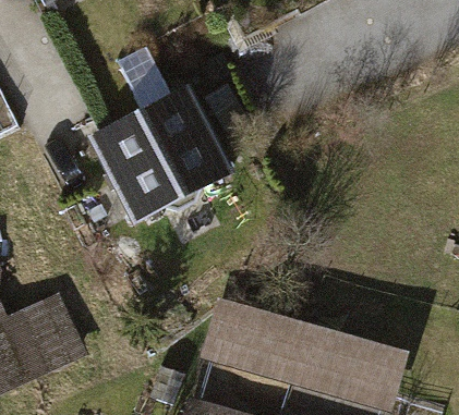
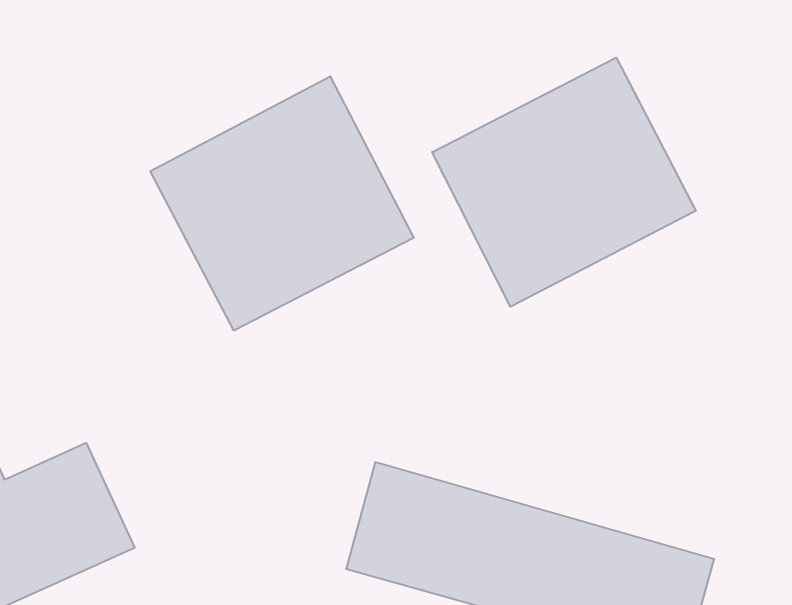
building: none -> [432,58,696,307]

